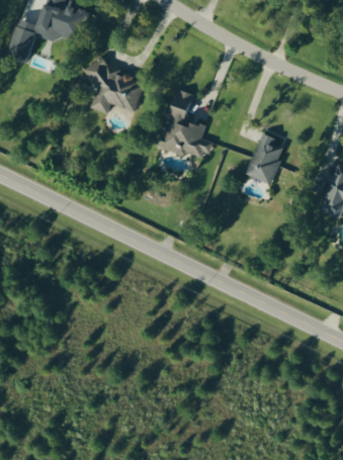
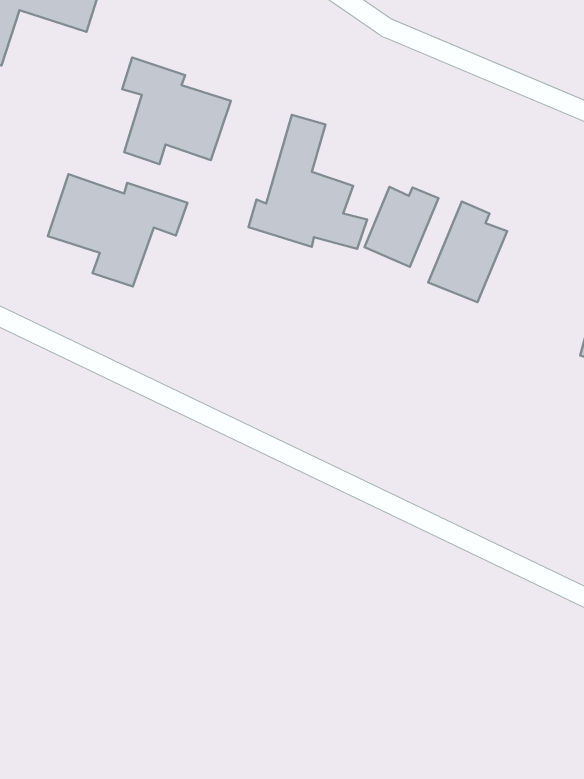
building: none -> [48,174,188,287]
building: none -> [365,187,438,267]

